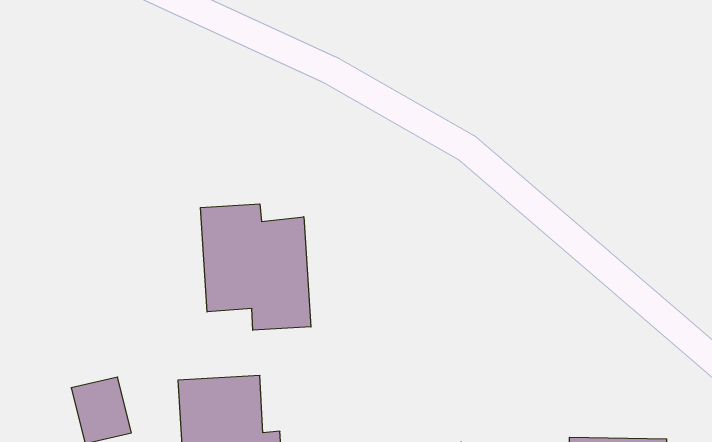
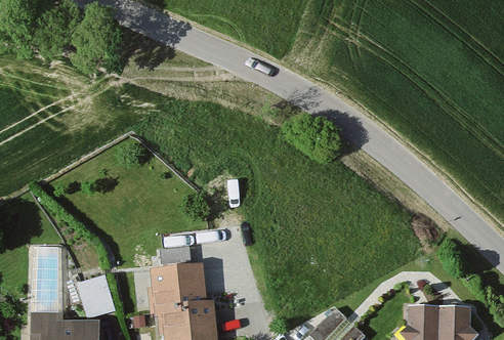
building: [200,204,311,330] -> none

